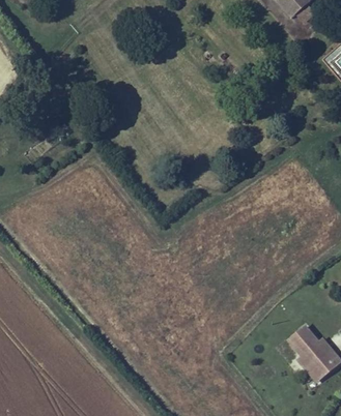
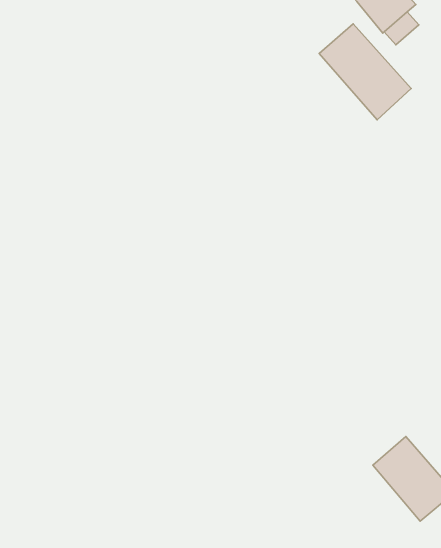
building: none -> [319,24,411,120]

